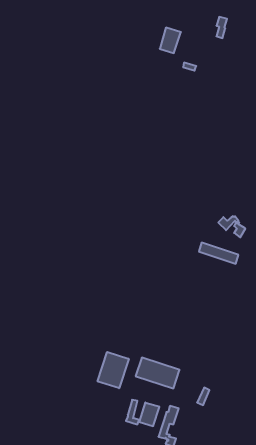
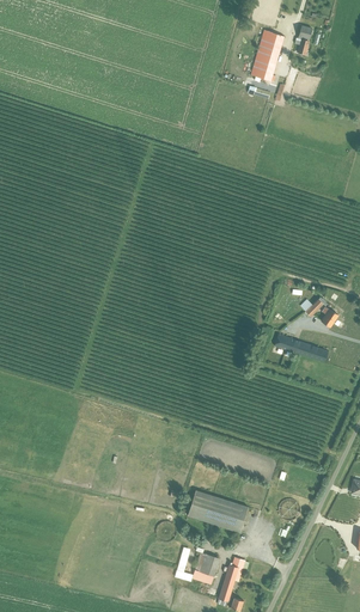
building: [160,28,181,53] -> [256,30,285,65]
building: [98,352,129,388] -> none

